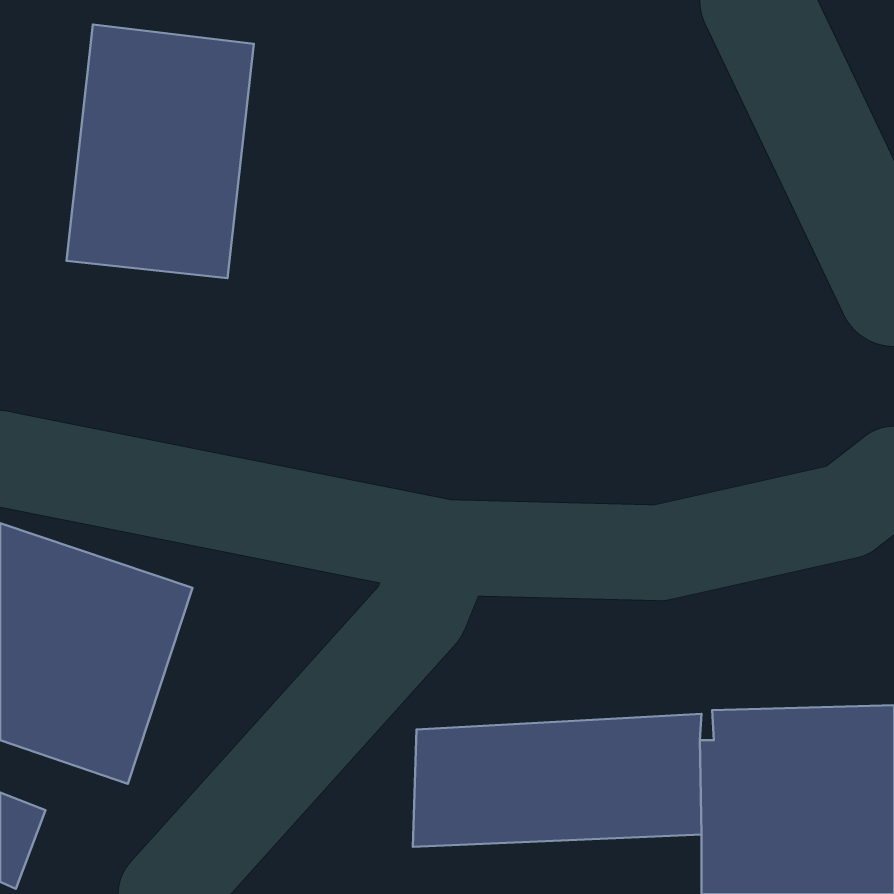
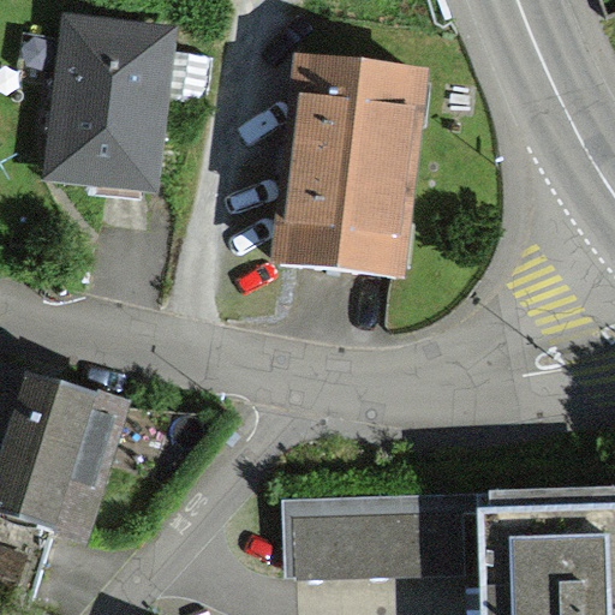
building: none -> [277,55,425,277]

